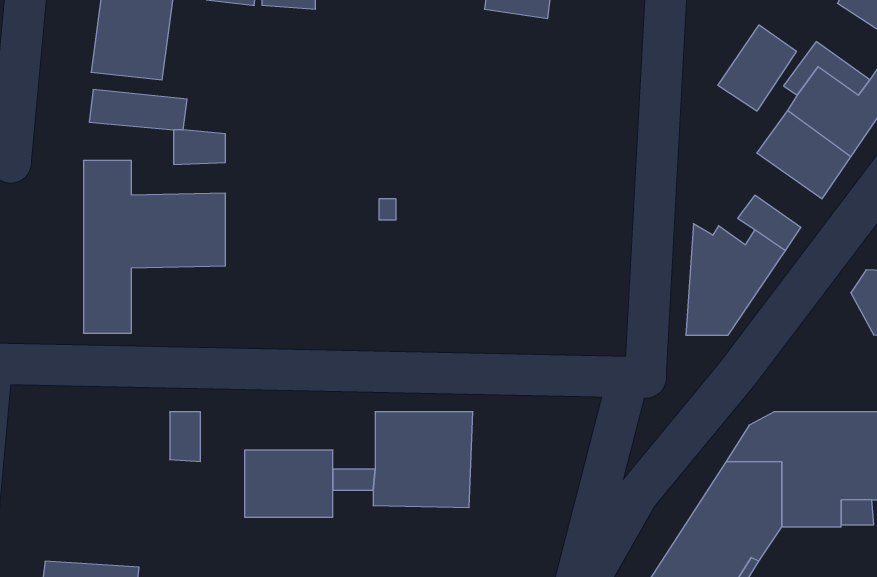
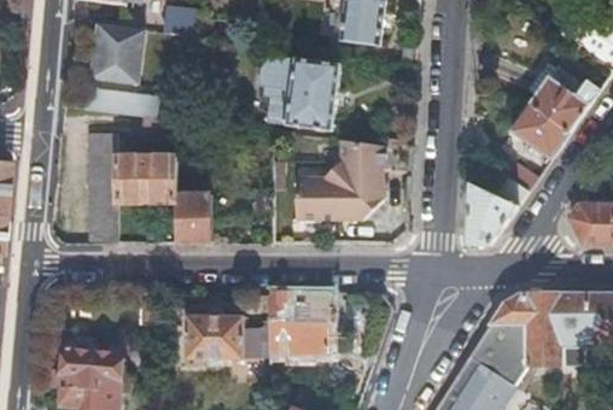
building: [718,25,796,111] -> none
building: none -> [257,54,339,129]
building: none -> [296,140,389,219]
building: none -> [175,194,224,244]
building: none -> [49,335,133,392]

